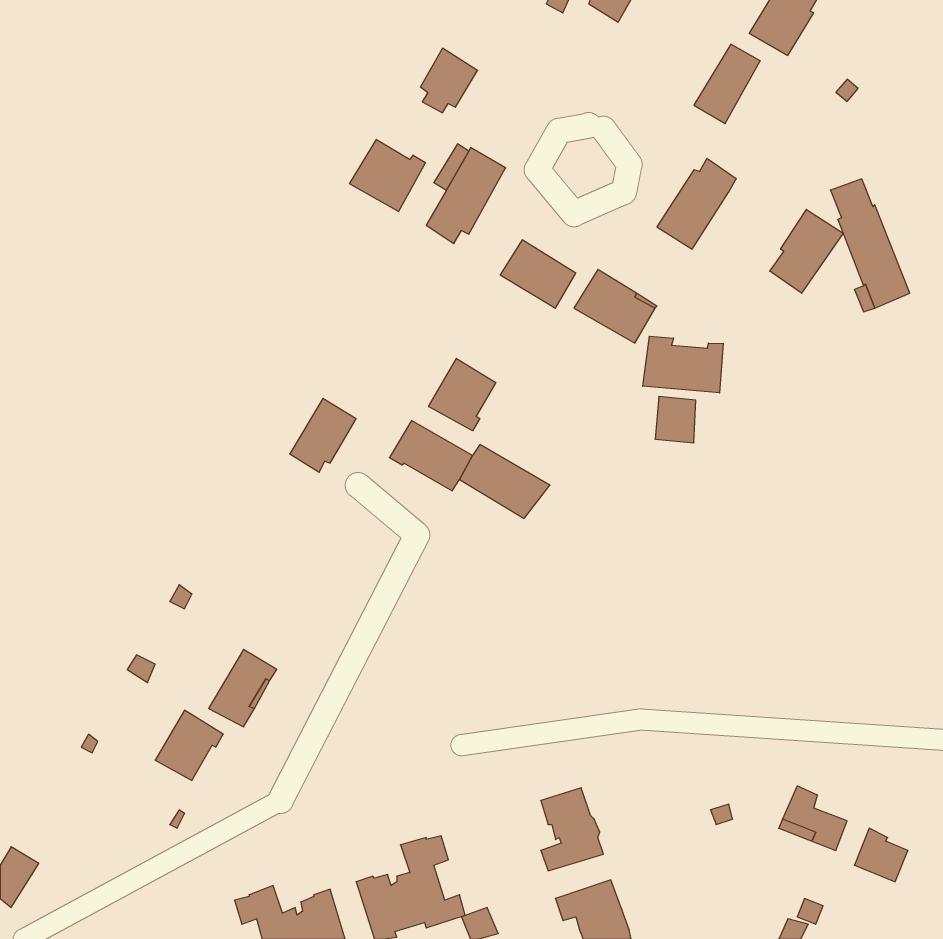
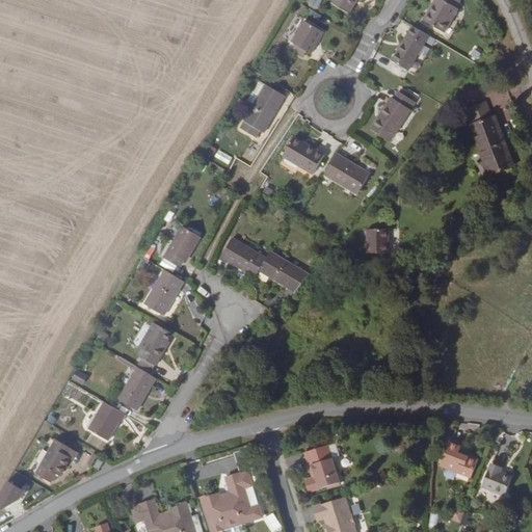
building: [420,48,478,113] -> [291,19,323,55]
building: [350,139,425,212] -> none
building: [770,209,843,293] -> none
building: [643,336,723,393] -> none
building: [429,358,496,431] -> none
building: none -> [143,269,184,315]
building: none -> [137,321,172,365]
building: none -> [35,437,77,481]

